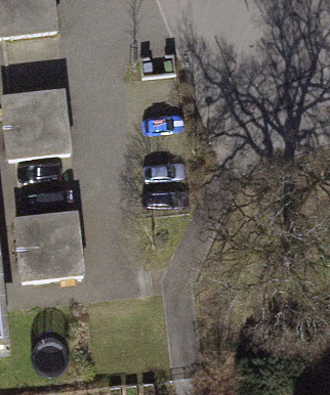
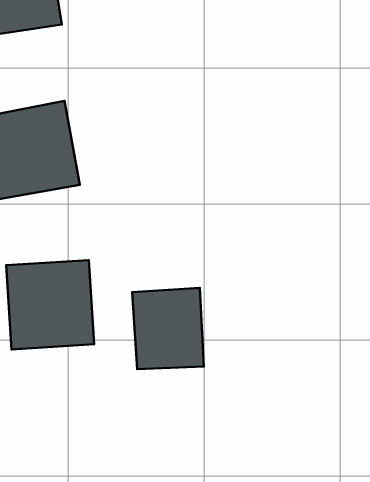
building: none -> [132,288,204,369]

